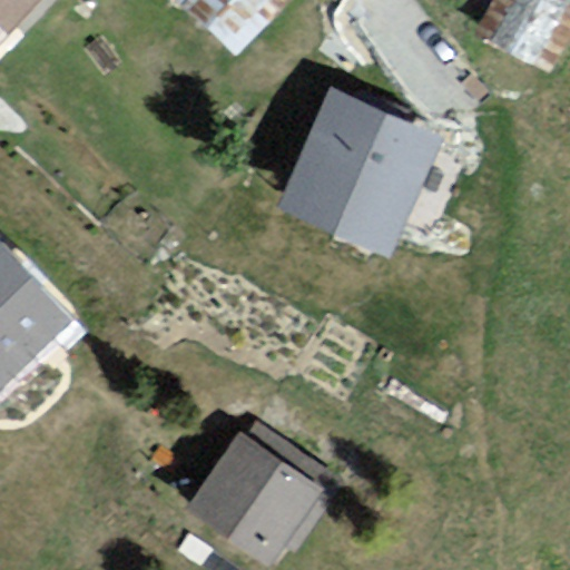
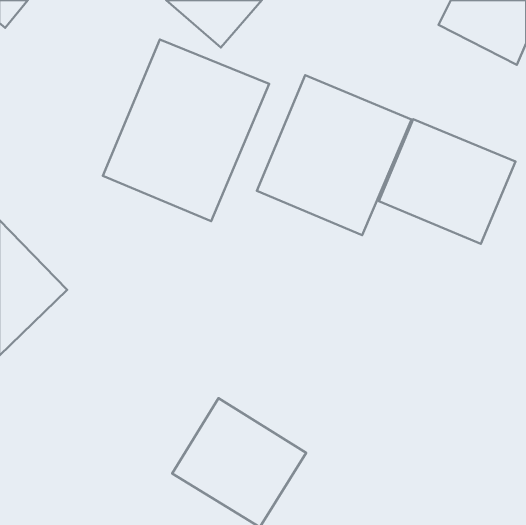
building: none -> [103,39,269,221]
building: none -> [379,119,516,244]

